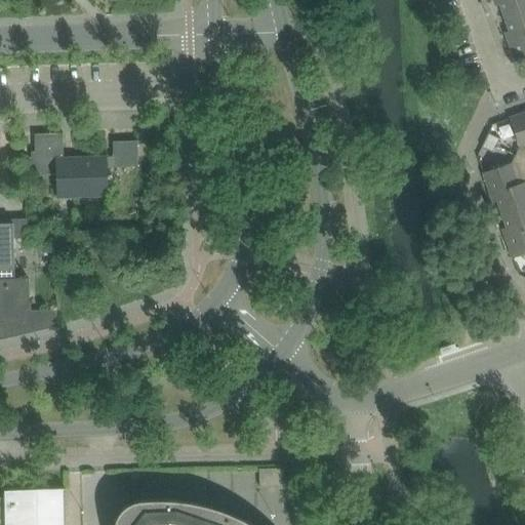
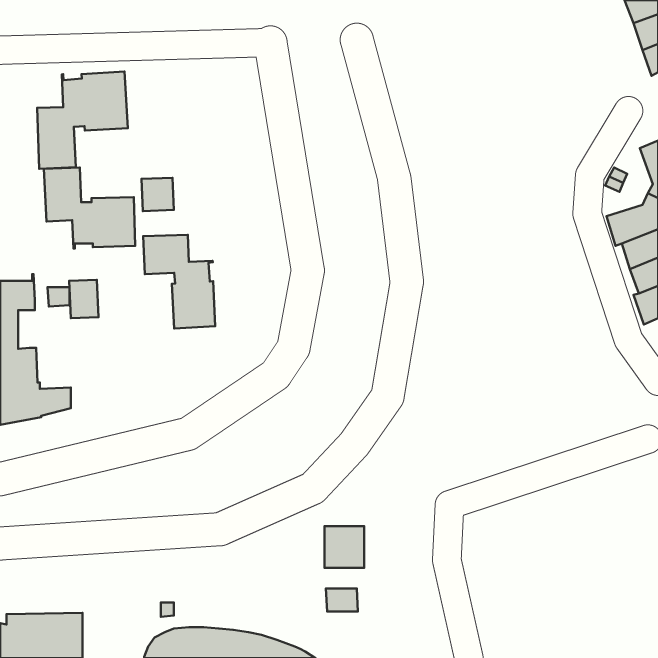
building: none -> [37,72,128,169]
building: none -> [143,235,215,329]
building: none -> [69,280,98,318]
building: none -> [324,526,364,568]

